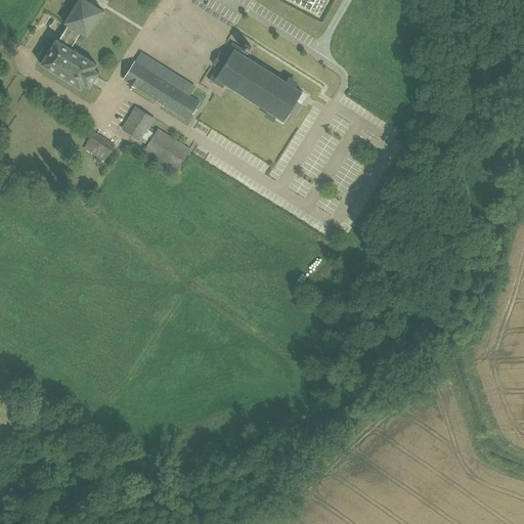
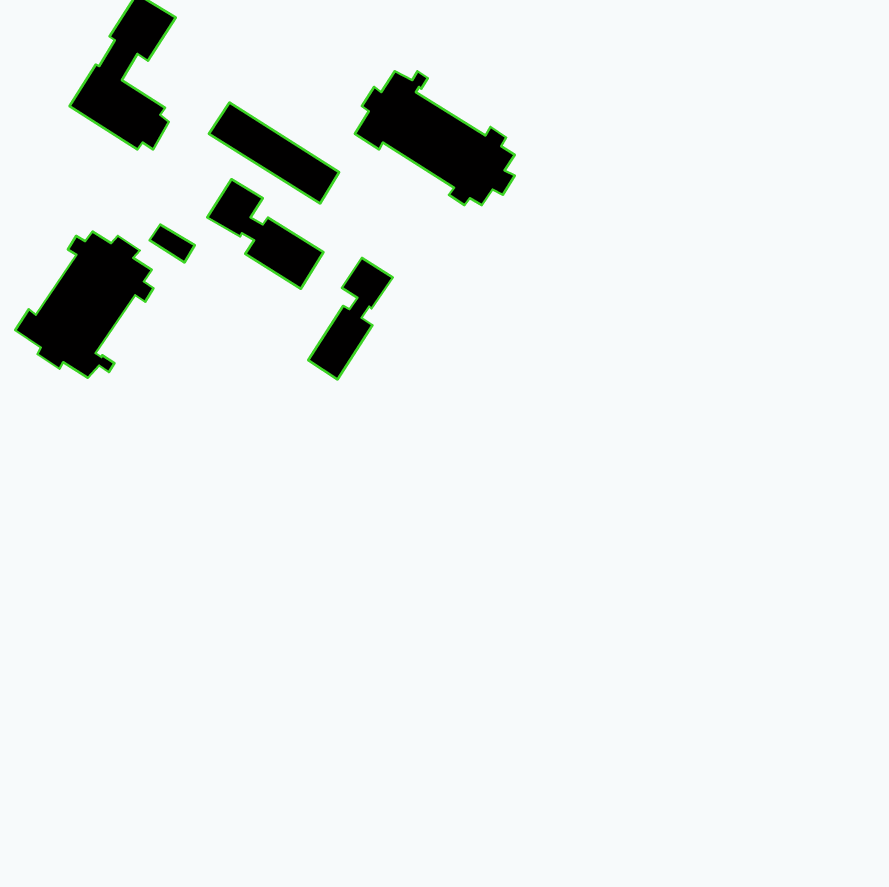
building: none -> [15,231,154,378]
building: none -> [308,258,393,380]

